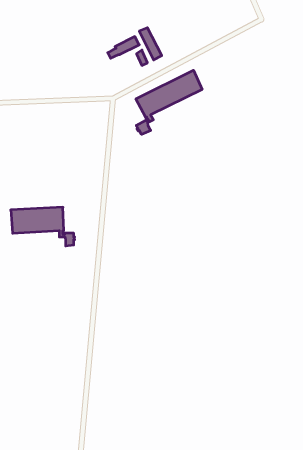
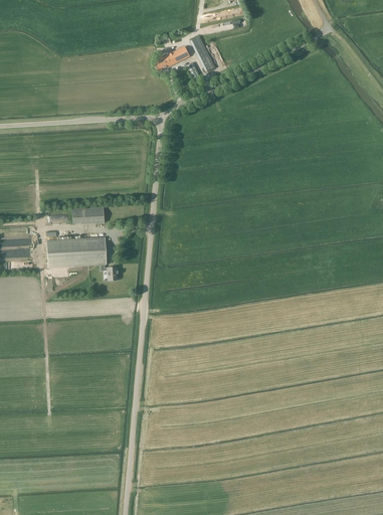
building: [136,70,202,134] -> none
building: none -> [72,206,104,223]

